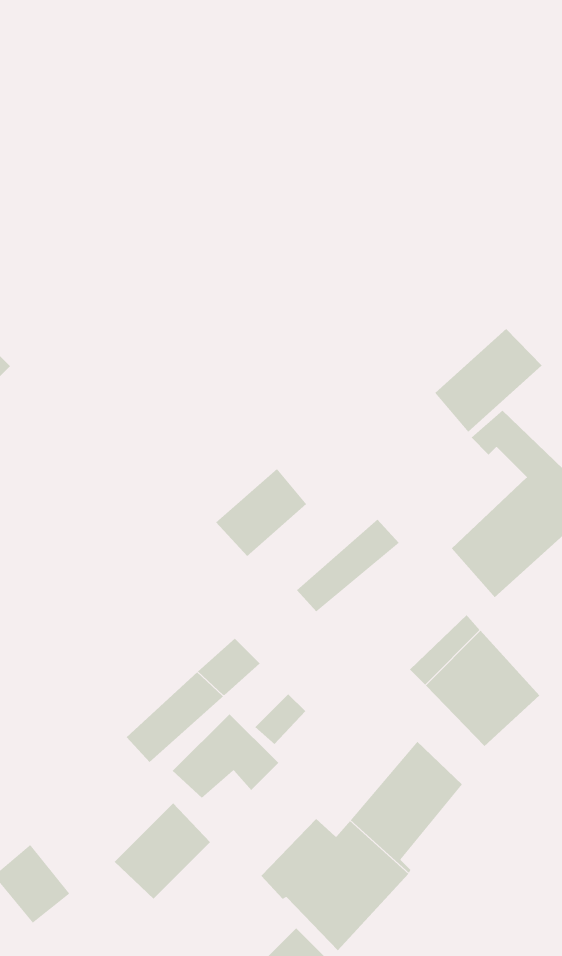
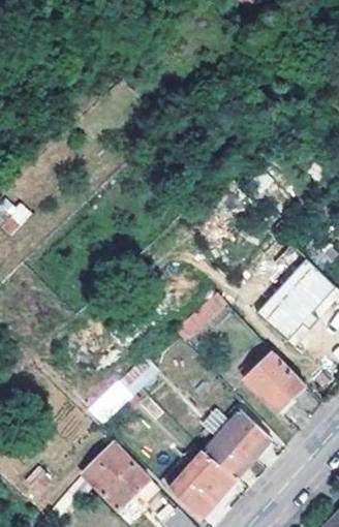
building: [435,328,542,433] -> none
building: [215,468,307,557] -> none
building: [172,713,279,799] -> [103,463,159,507]

